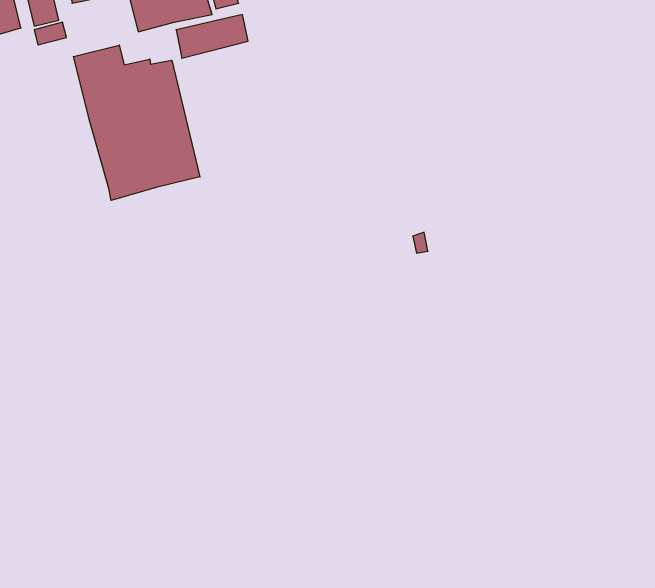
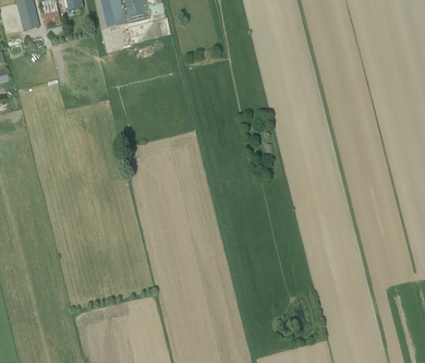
building: [73,45,200,200] -> none

